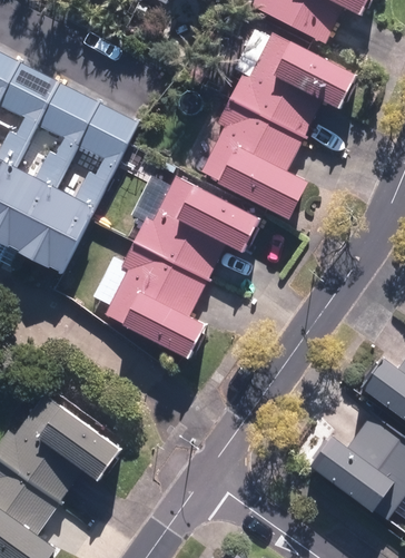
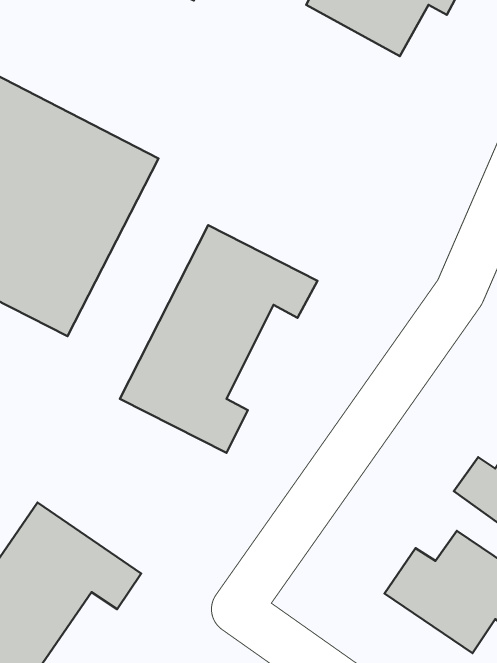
building: [201,35,353,216] -> none

